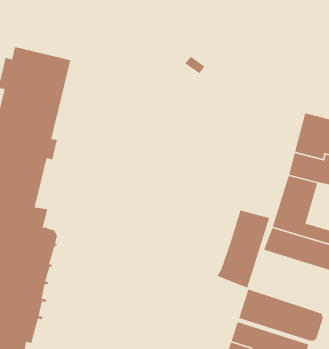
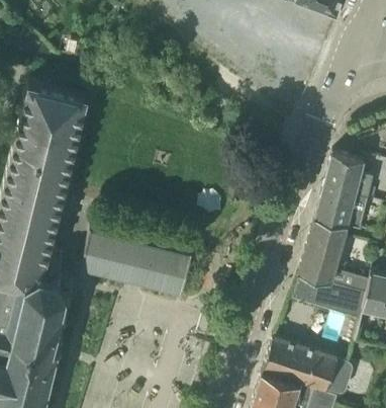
building: none -> [80,228,192,296]
building: [216,210,270,289] -> none

